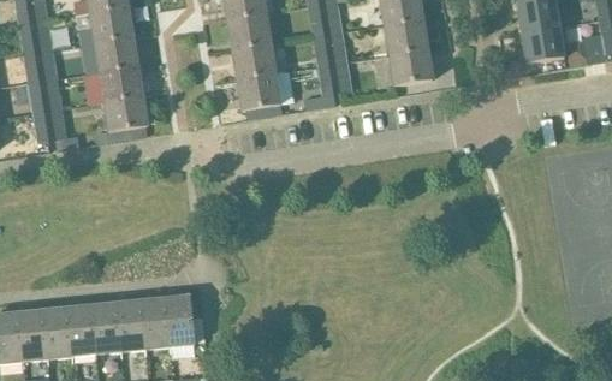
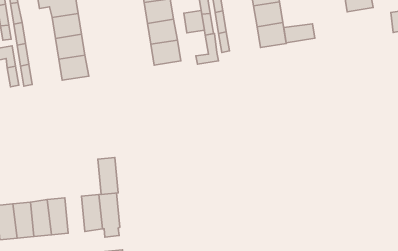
building: [521,26,563,64] -> none
building: none -> [184,10,204,33]
building: none -> [284,24,315,43]
building: [114,298,143,351] -> [98,158,118,194]

